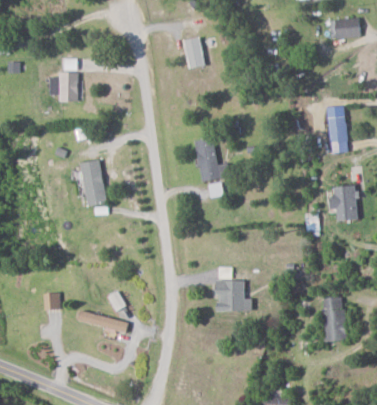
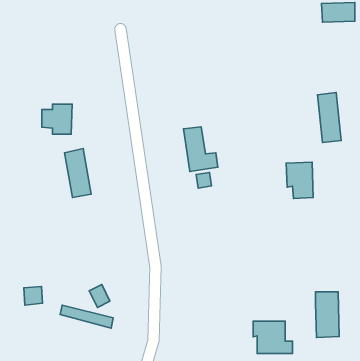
building: [182,36,204,68] -> none
building: [48,72,77,101] -> [42,104,72,134]
building: [331,185,357,220] -> [286,162,313,199]
building: [213,280,251,311] -> [253,321,293,353]

